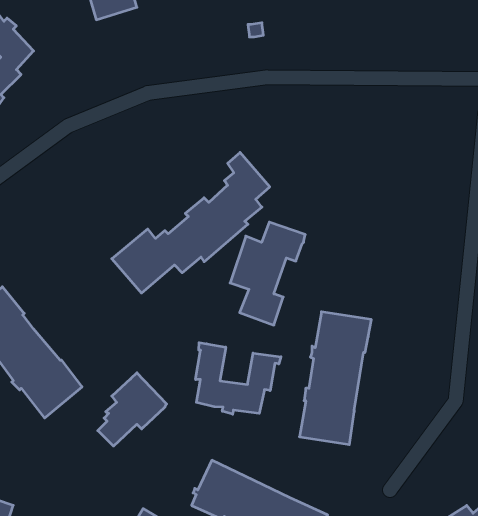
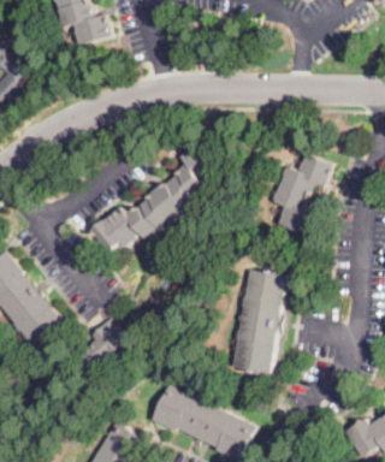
building: [230,222,305,325] -> [271,154,328,233]
building: [196,343,281,414] -> none

